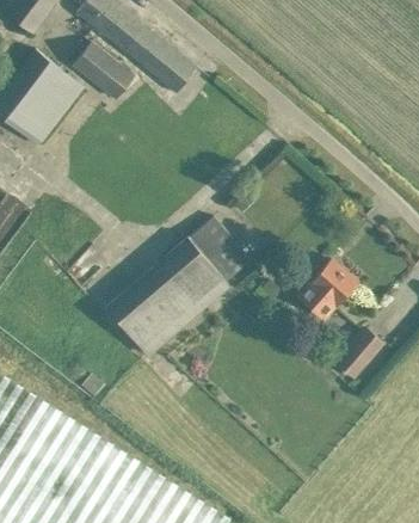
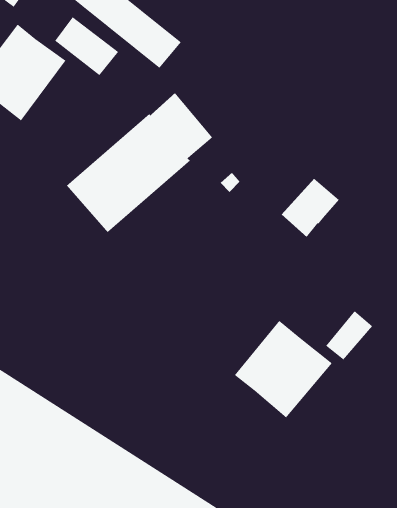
building: [106,216,249,353] -> [66,92,213,233]
building: [298,259,356,318] -> [281,178,340,238]
building: none -> [234,320,333,419]

